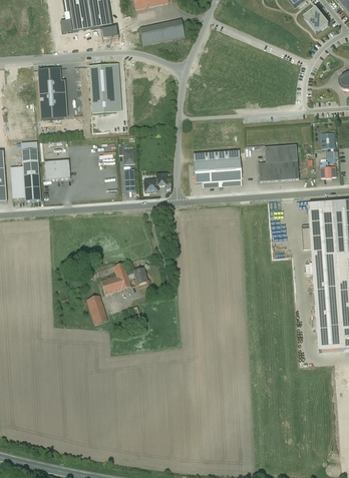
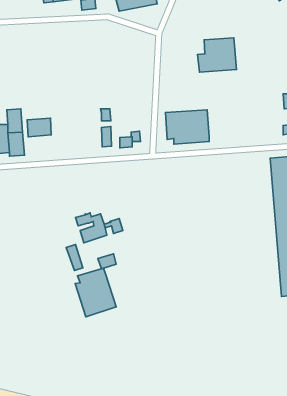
building: [89,63,121,112] -> none
building: [38,67,67,117] -> none
building: [258,143,300,180] -> [198,38,237,72]
building: none -> [75,268,116,317]

